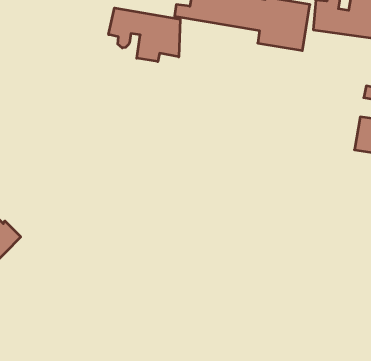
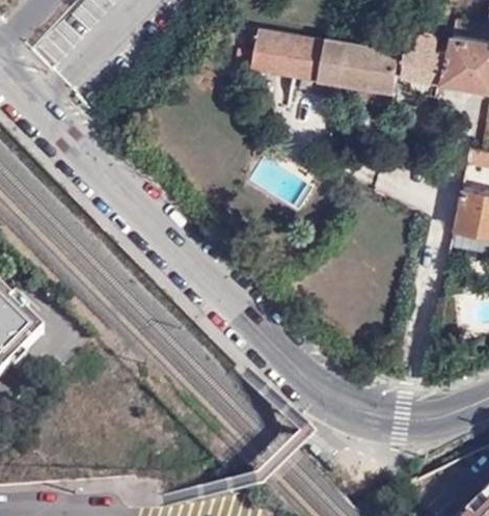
building: [109,8,180,62] -> none

